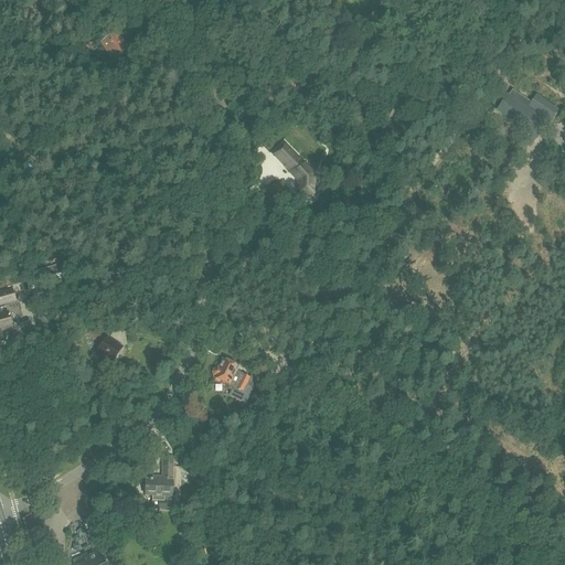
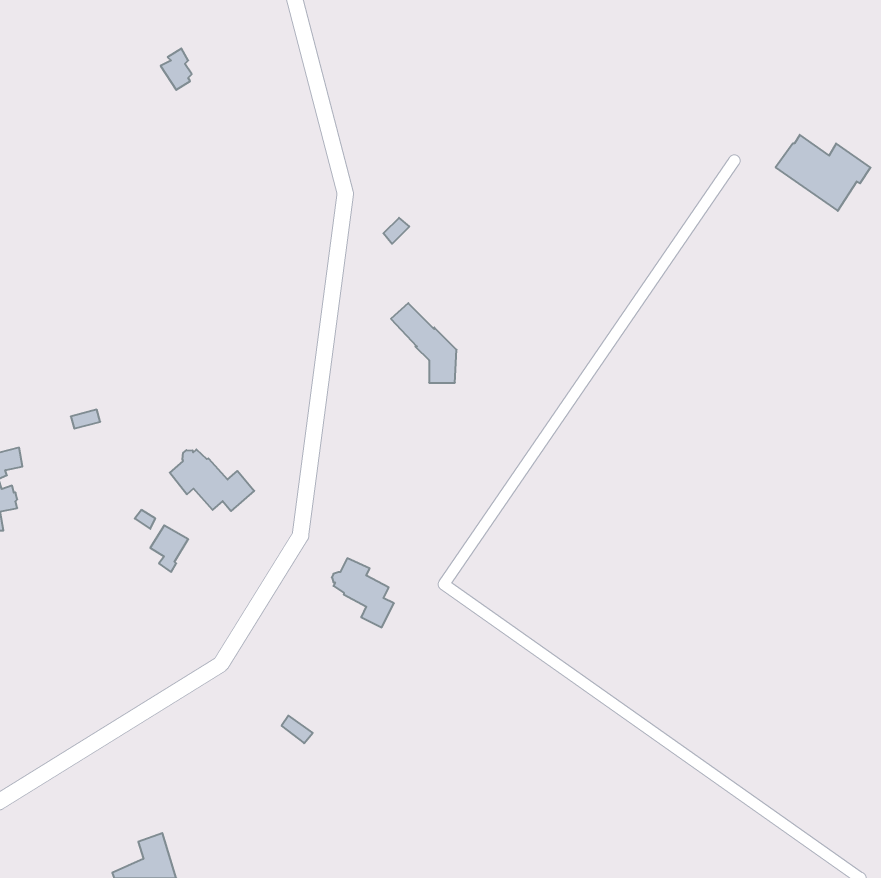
building: [273,141,315,192] -> [391,303,457,383]
building: none -> [170,449,254,511]
building: [145,455,171,507] -> none

